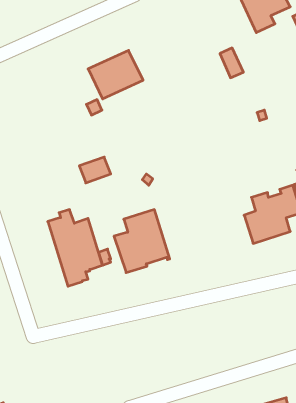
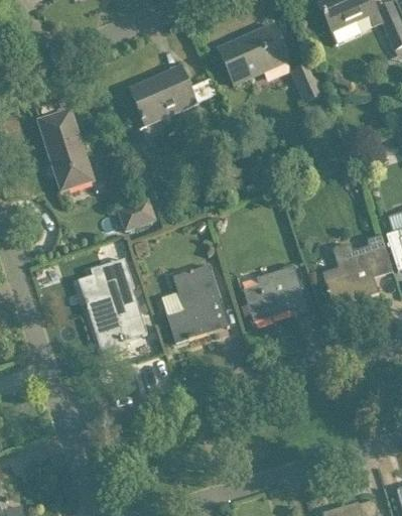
building: none -> [217,24,288,85]
building: none -> [37,111,92,190]
building: none -> [243,265,308,322]

